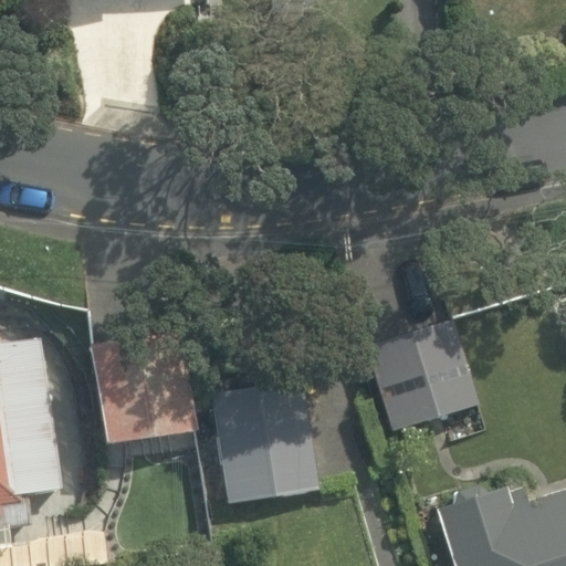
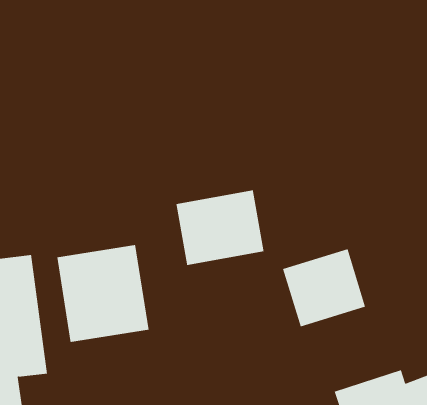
building: none -> [176,189,264,266]
building: [212,384,340,499] -> none

